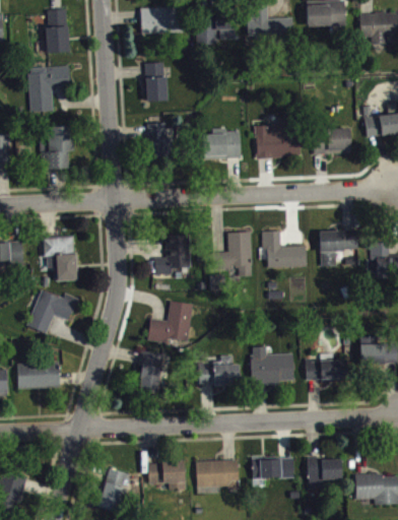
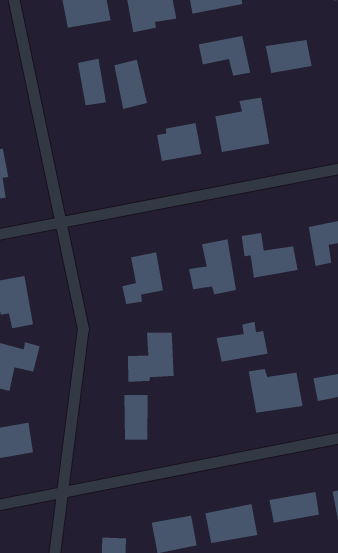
building: none -> [198,35,251,76]
building: [147,122,172,162] -> [113,59,148,109]
building: [313,129,350,153] -> [265,39,312,74]
building: [197,354,240,385] -> [216,321,269,362]

